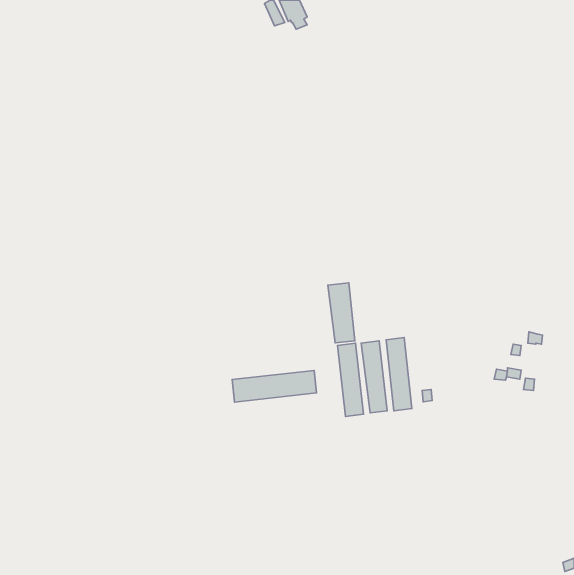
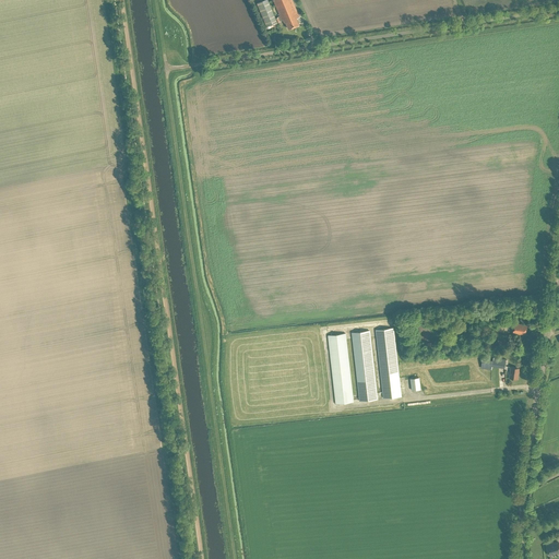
building: [328,283,355,343] -> none
building: [232,370,316,402] -> none

